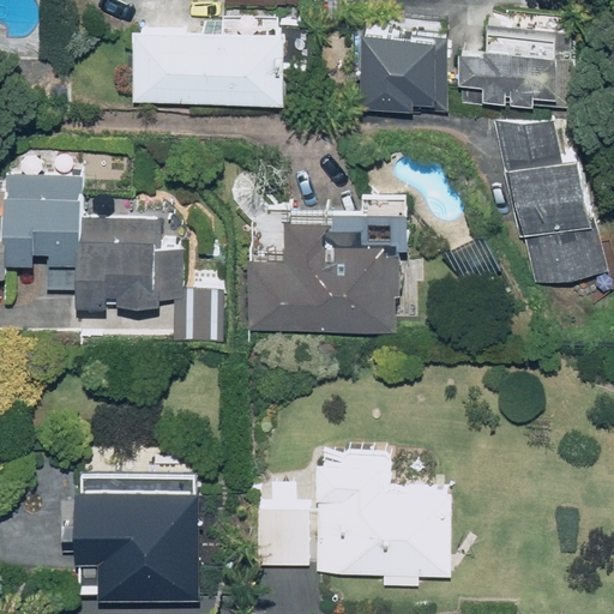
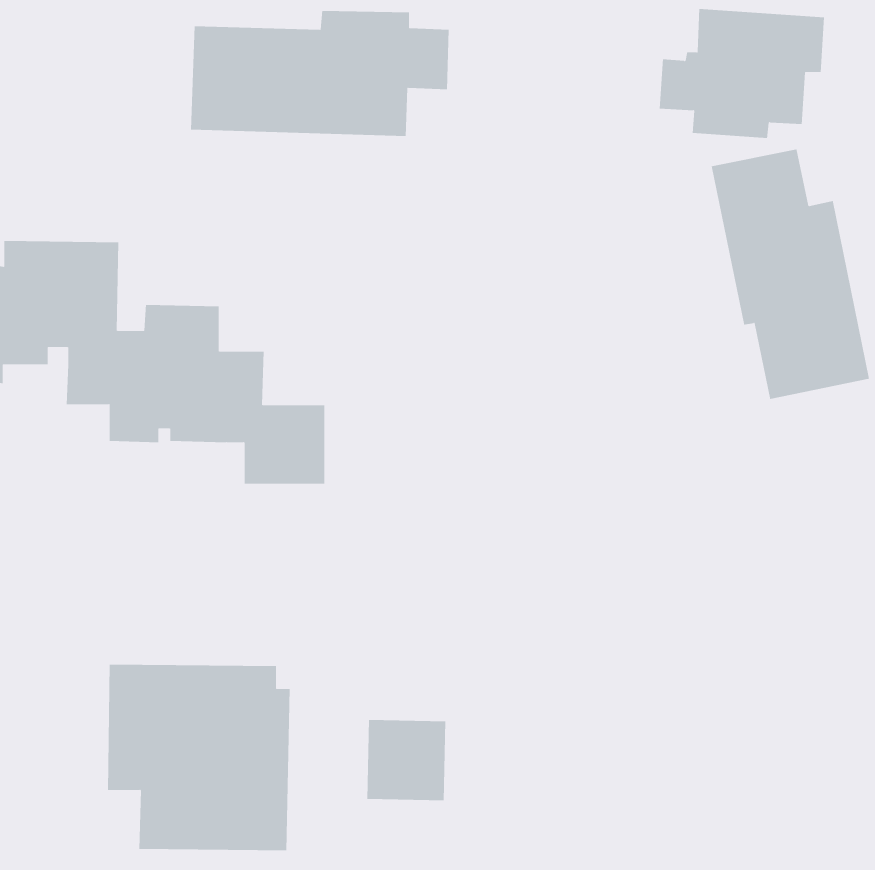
building: [359,28,437,107] -> none
building: [245,213,408,332] -> none
building: [317,459,453,590] -> none

